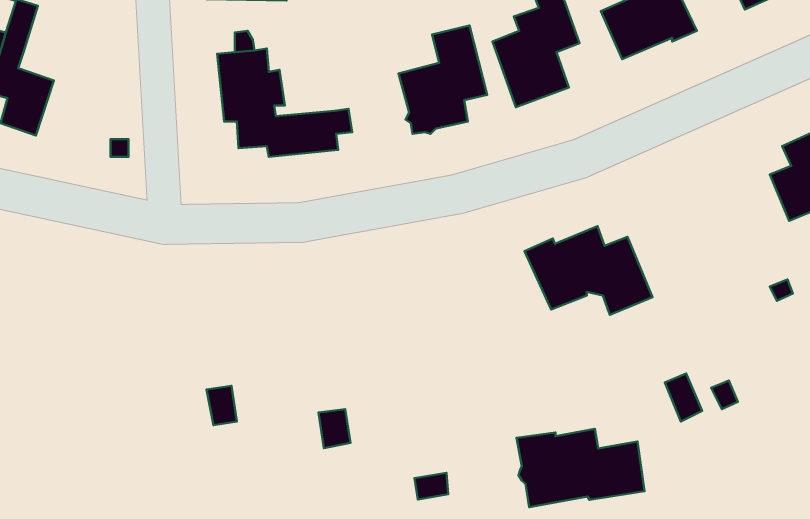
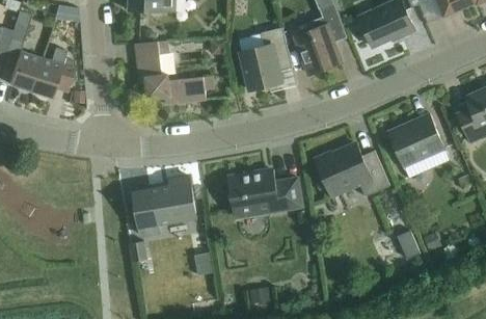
building: none -> [29,48,74,98]
building: none -> [388,113,446,166]
building: none -> [133,176,196,235]
building: [517,429,645,507] -> [227,170,302,216]

